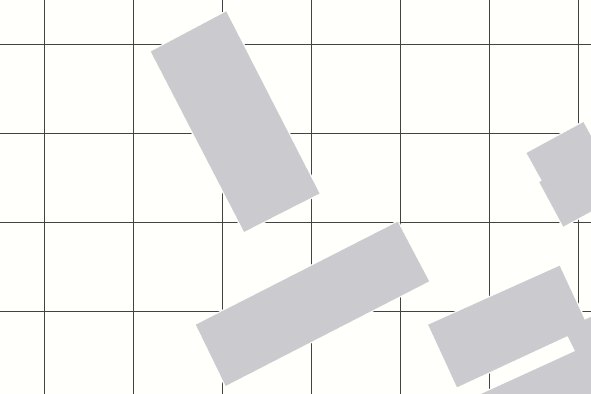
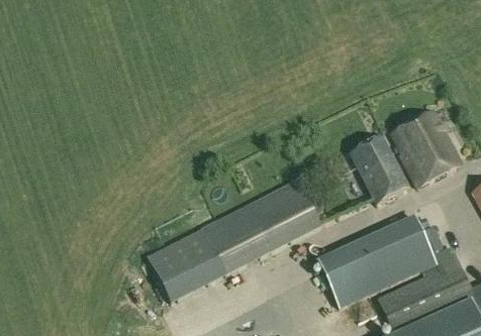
building: [150,11,321,233] -> none
building: none -> [351,136,409,203]

